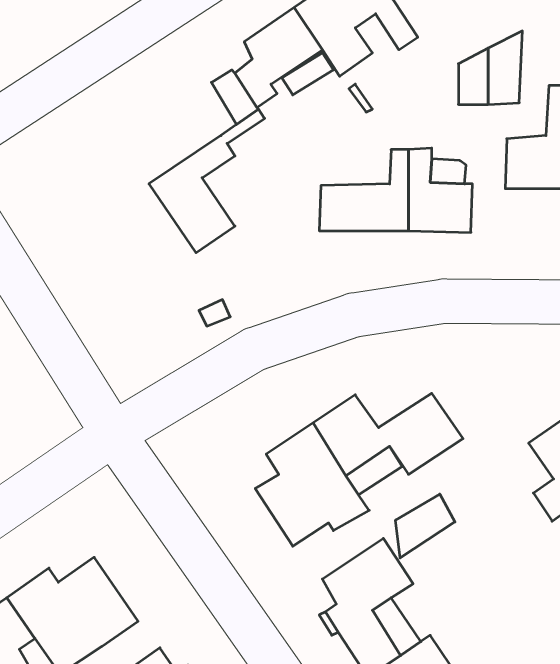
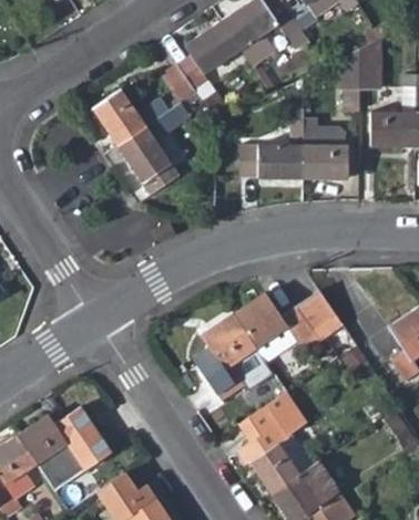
building: none -> [93,89,170,144]
building: [396,494,455,558] -> none

